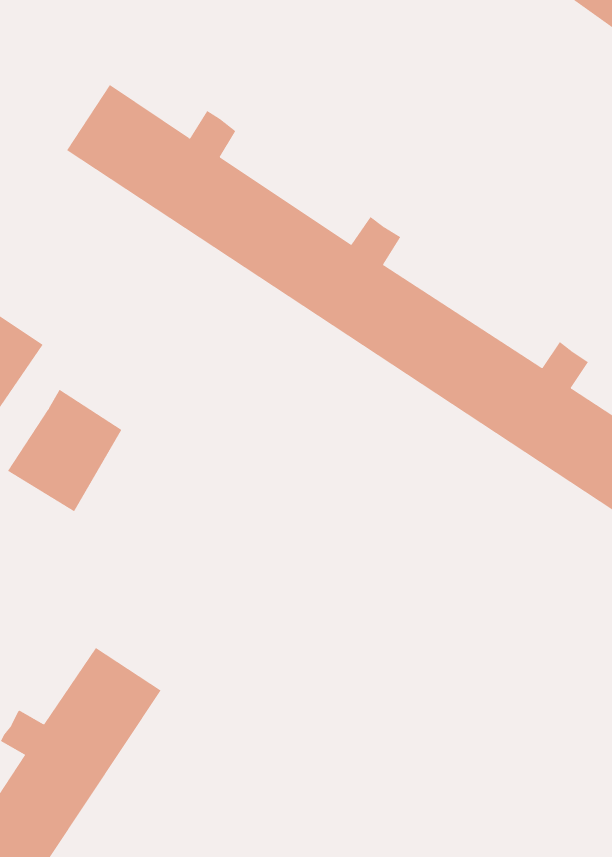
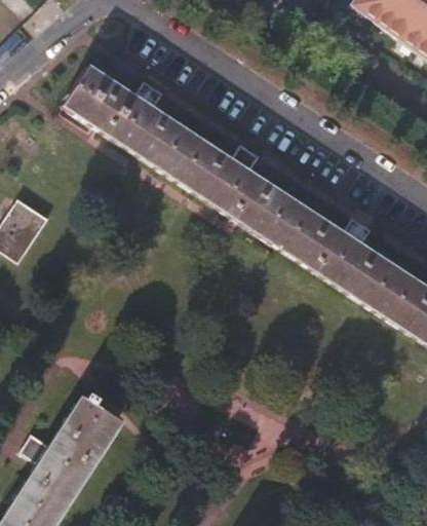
building: [7,389,122,512] -> none

